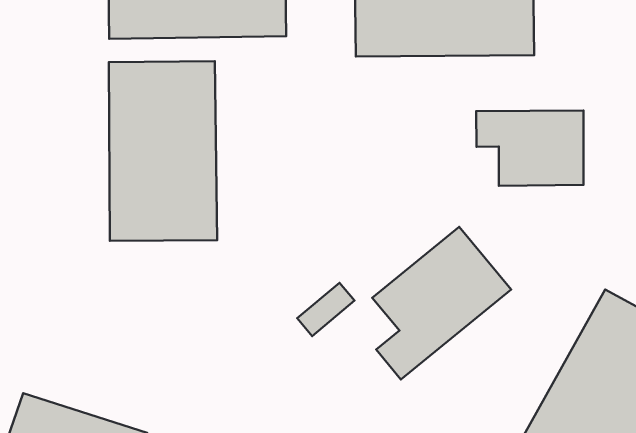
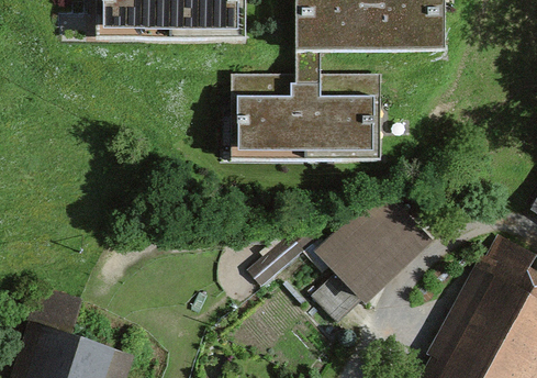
building: [109,61,217,241] -> none
building: none -> [235,71,378,157]
building: [476,110,584,186] -> none

